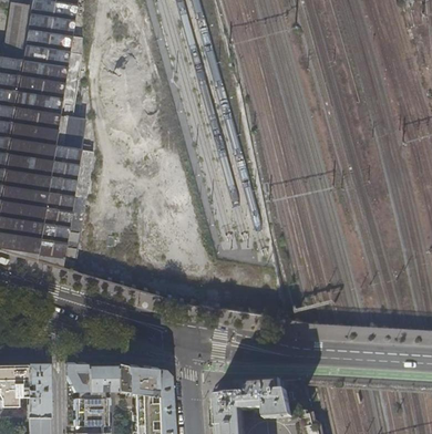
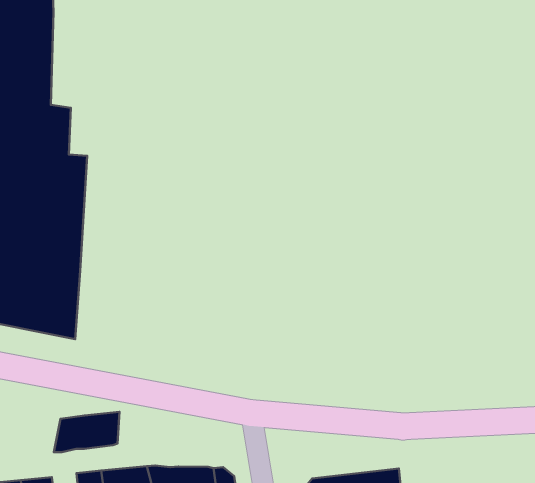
building: none -> [54,412,120,452]

